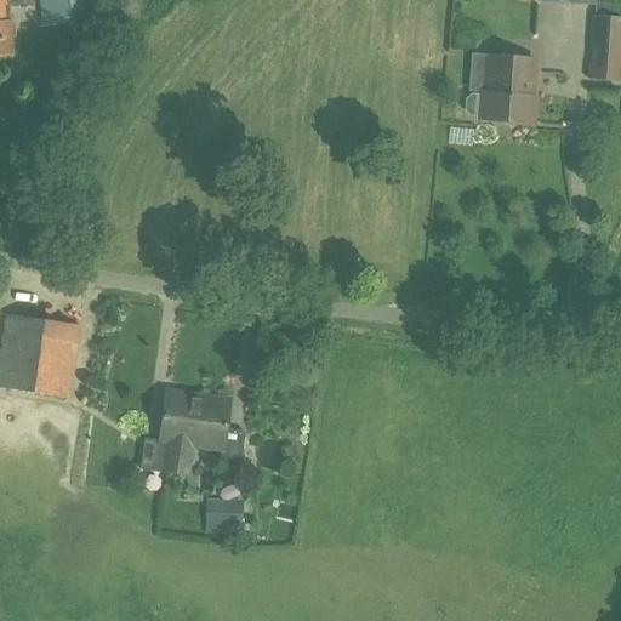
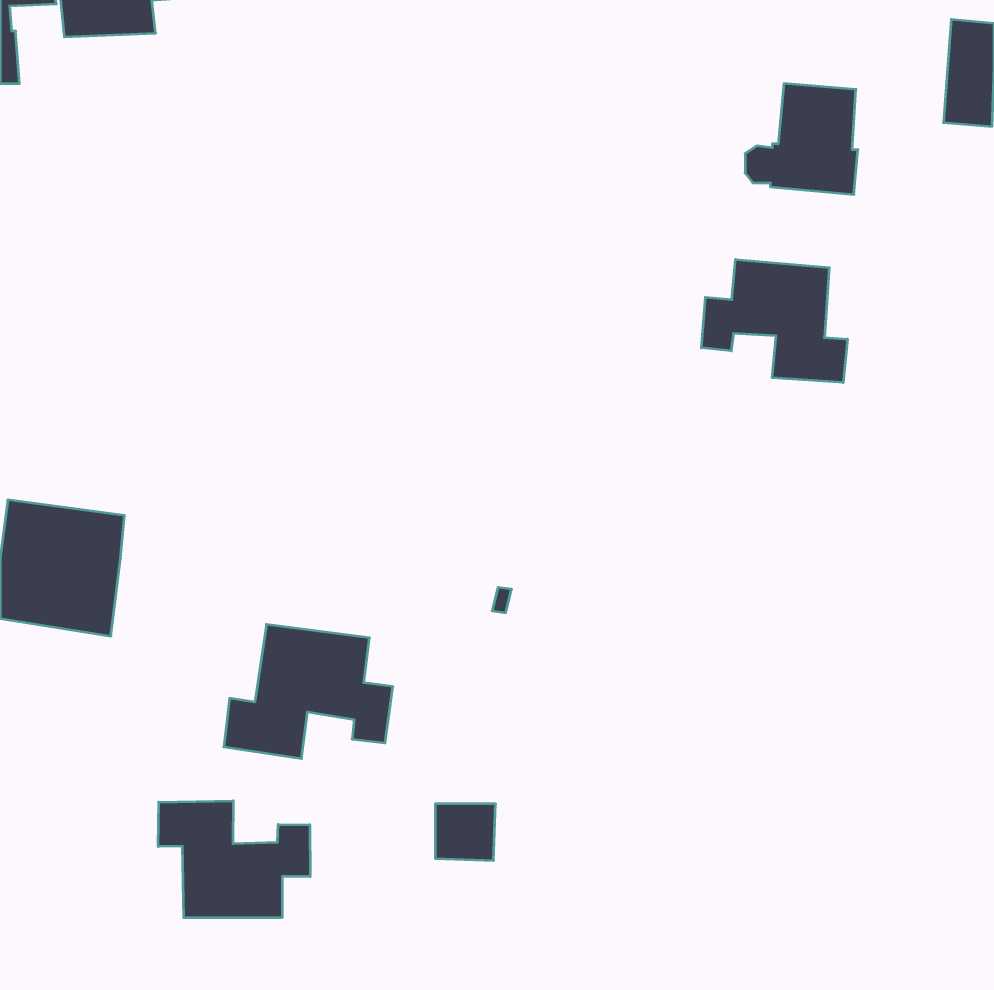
building: none -> [701,259,847,383]
building: [205,497,243,532] -> [435,804,496,860]
building: none -> [158,801,310,918]

